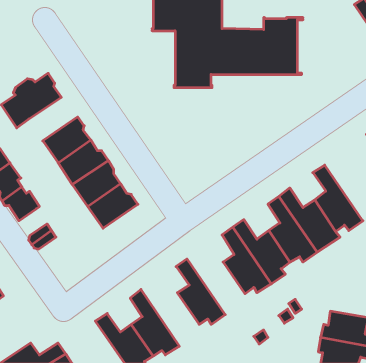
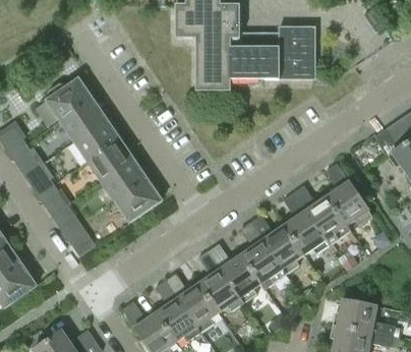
building: none -> [60,101,106,141]
building: none -> [208,244,261,303]
building: none -> [165,273,219,333]

